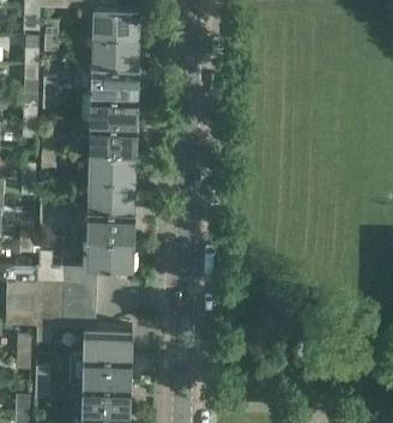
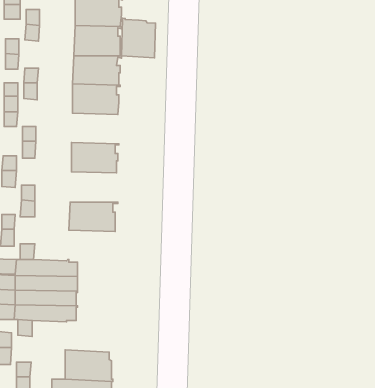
building: none -> [121,18,155,58]
building: [89,123,137,153] -> none
building: [87,181,134,211] -> none
building: [86,238,133,271] -> none
building: [83,327,131,358] -> none

